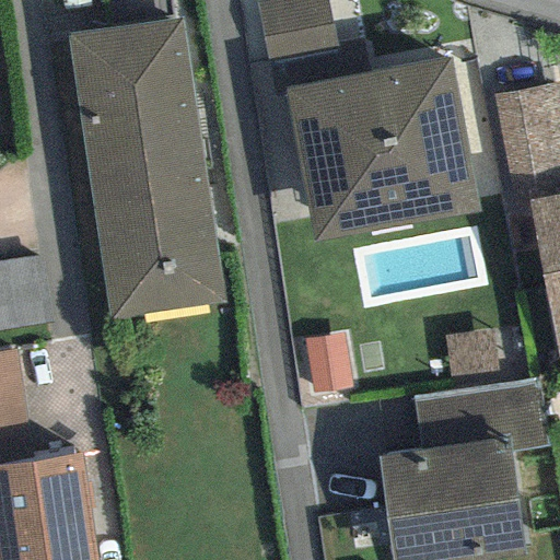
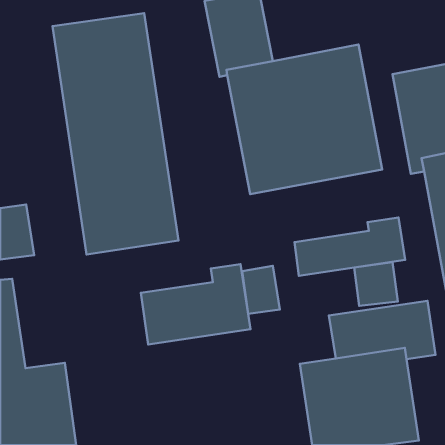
building: none -> [294,217,405,276]
building: none -> [141,264,251,344]

